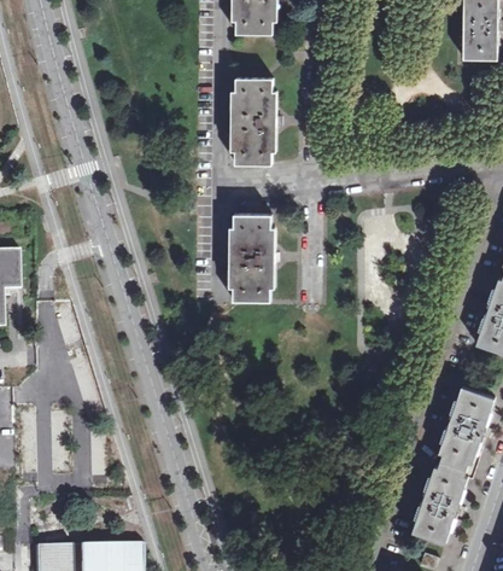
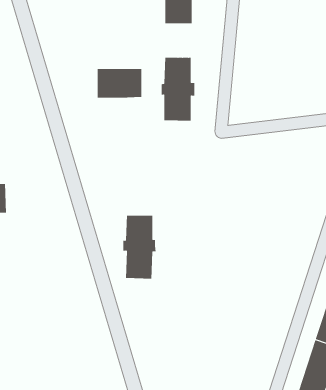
building: none -> [97,68,142,99]
building: [229,216,275,302] -> [122,215,157,279]

